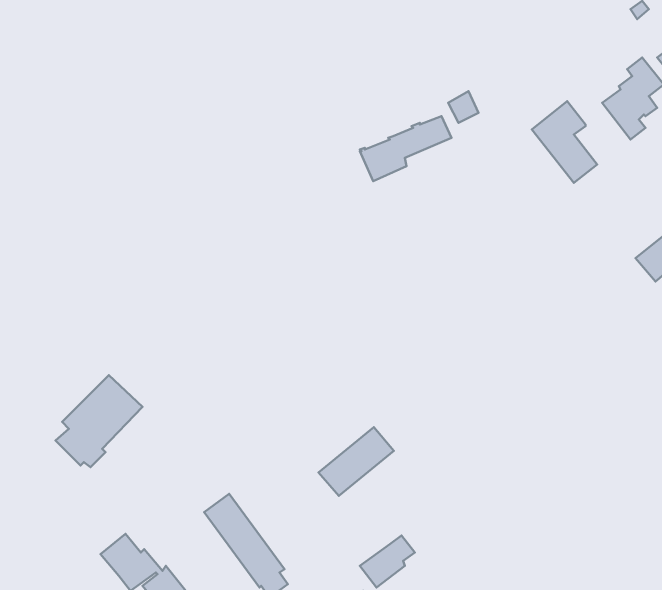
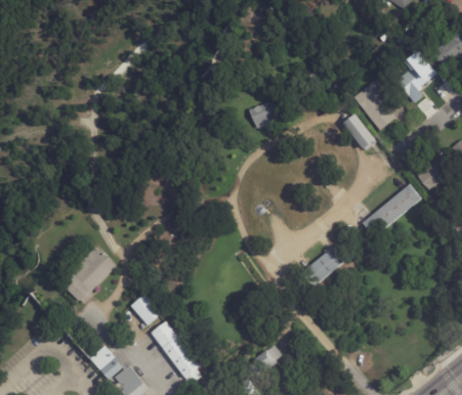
building: none -> [342,113,378,149]
building: none -> [364,184,422,236]
building: [319,427,394,496] -> [301,245,347,287]
building: none -> [131,294,163,325]

